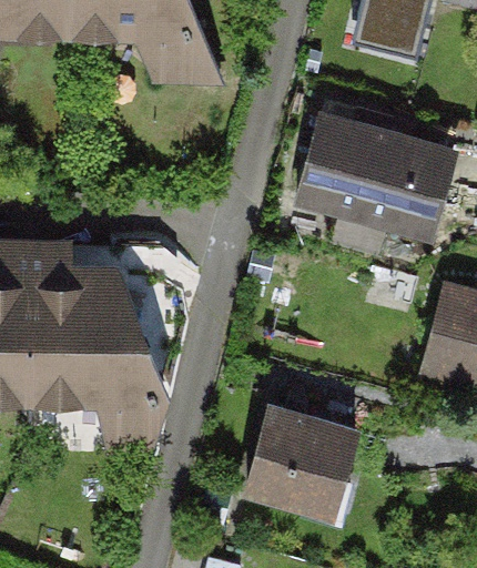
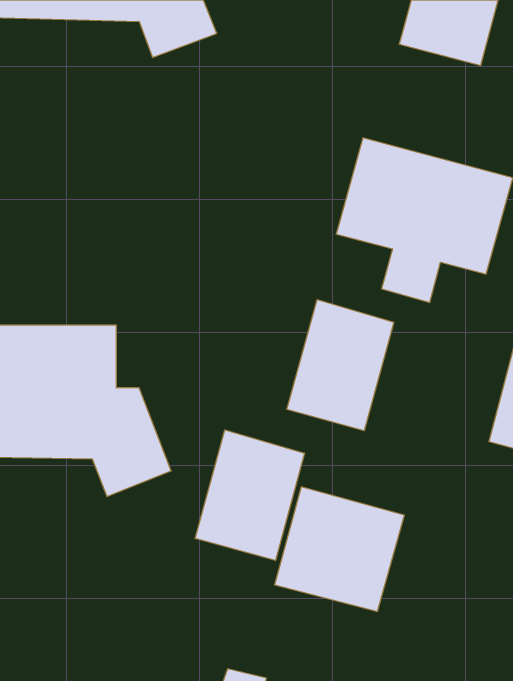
building: none -> [287,300,394,431]
building: none -> [195,430,304,561]

